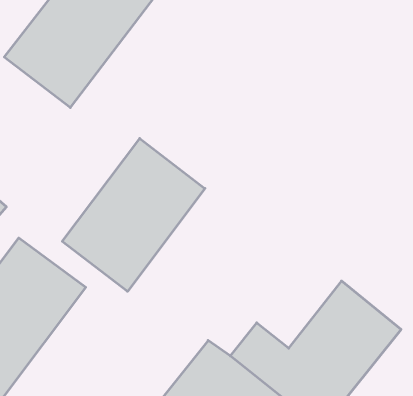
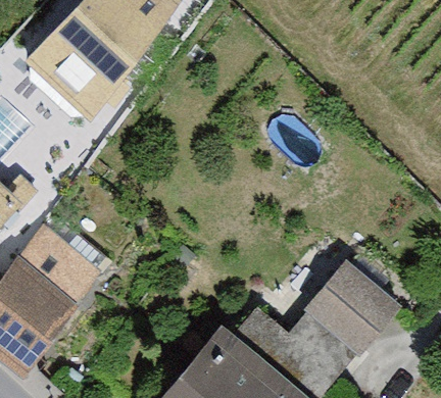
building: [62,138,205,291] -> none

